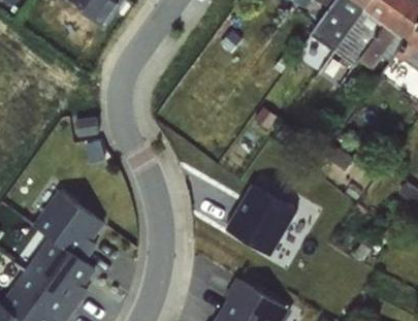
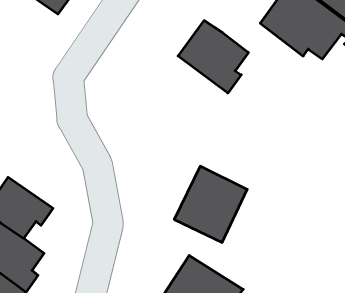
building: none -> [178,21,248,93]

